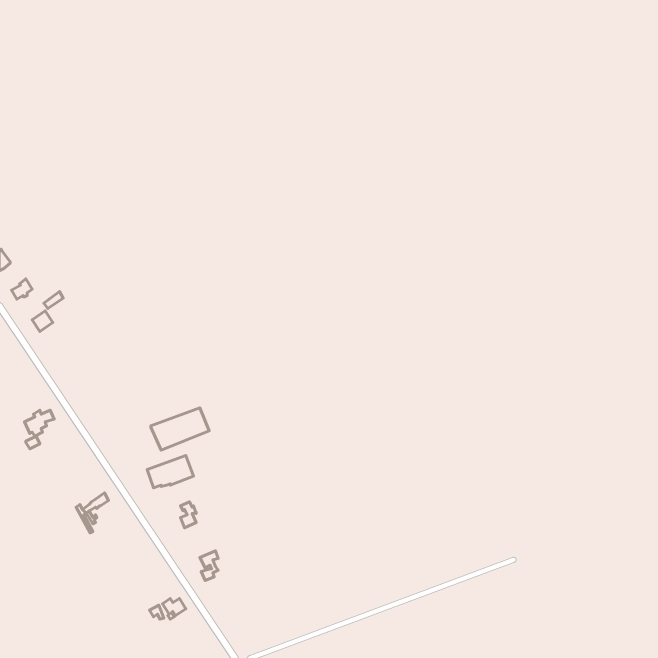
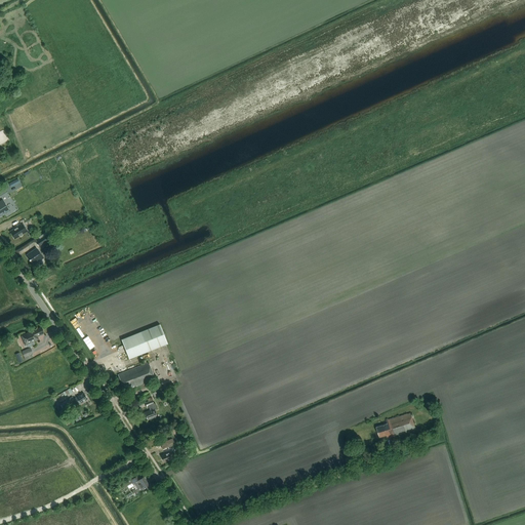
building: none -> [375,412,414,437]

